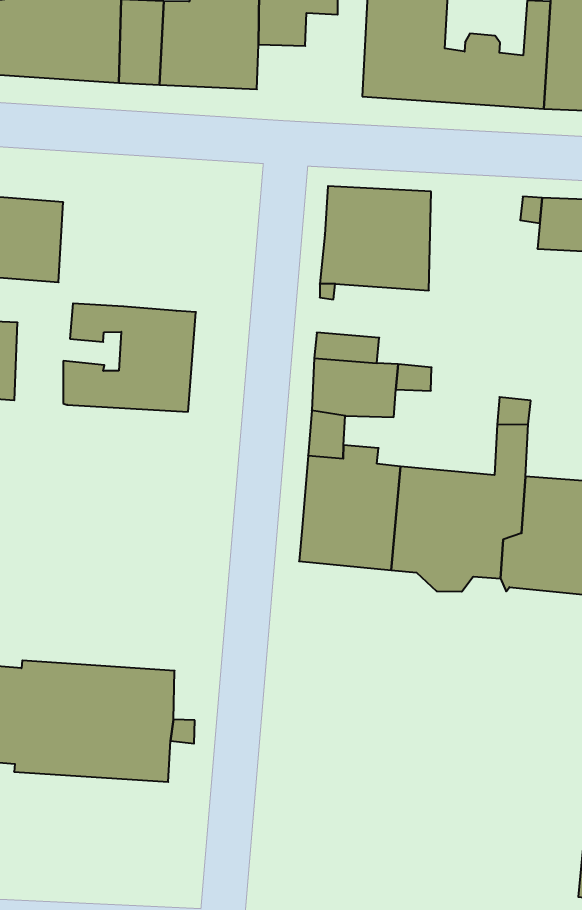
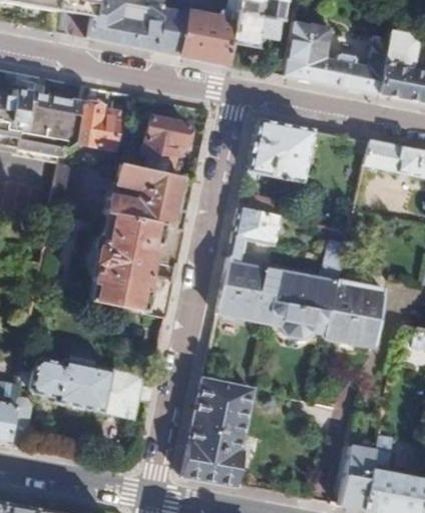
building: none -> [141,115,190,173]
building: none -> [90,214,186,317]
building: none -> [181,382,254,487]

